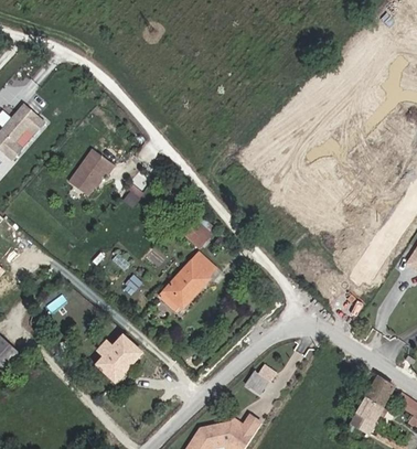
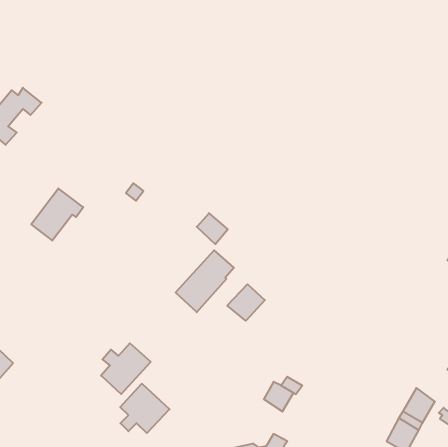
building: [66,152,113,199] -> [31,188,83,241]
building: none -> [227,284,265,321]
building: none -> [120,384,170,433]

